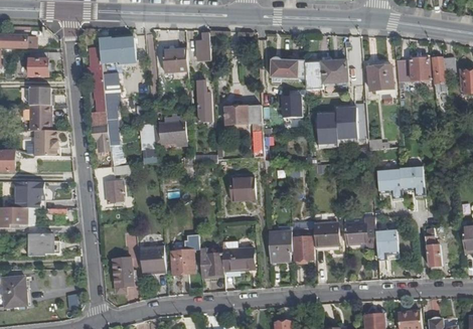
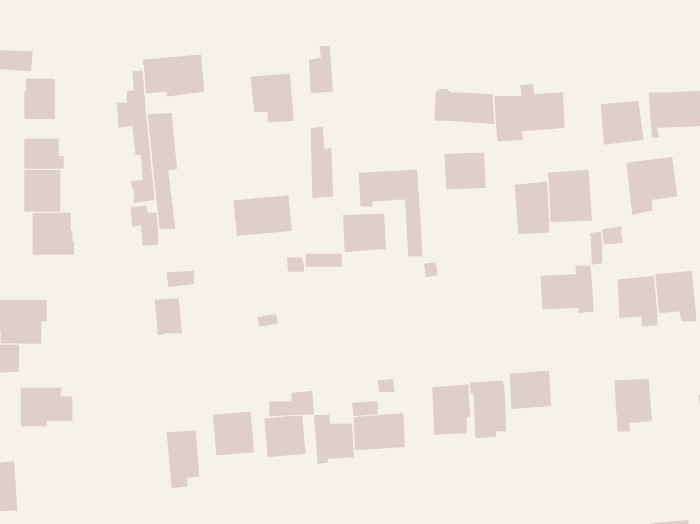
building: none -> [626,156,678,215]
building: [229,178,256,201] -> [342,213,387,253]
building: [344,218,376,246] -> [540,265,595,313]

